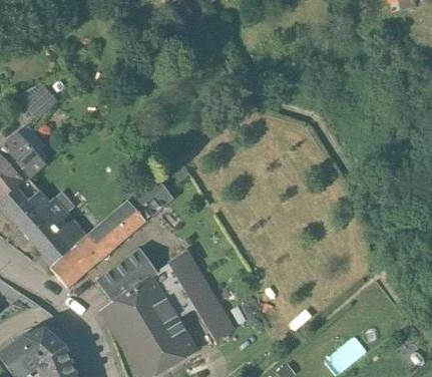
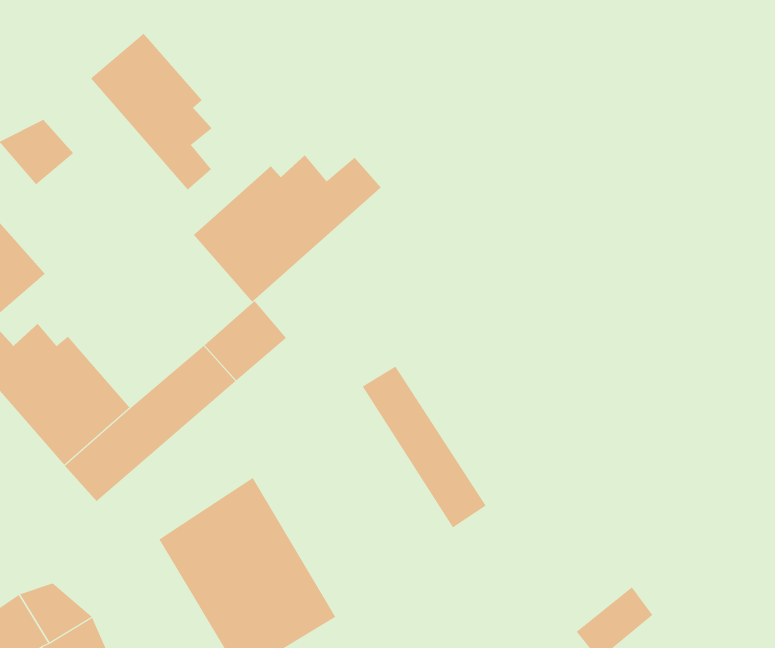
building: none -> [90,33,212,190]
building: none -> [193,155,382,302]
building: [98,248,156,299] -> none
building: [167,251,234,337] -> [362,366,486,528]

